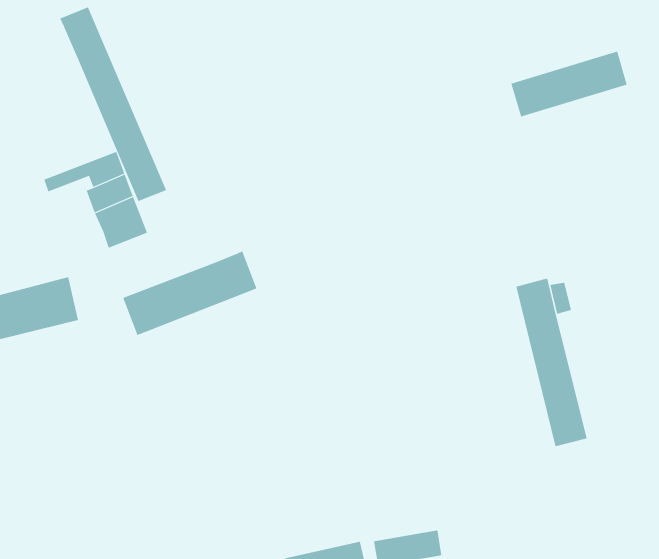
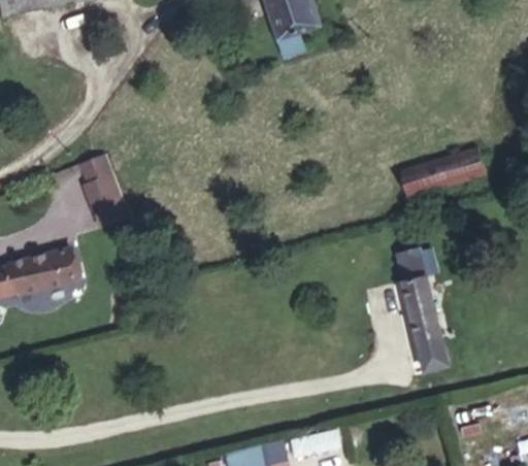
building: [59,7,167,202] -> none
building: [511,51,628,117] -> [400,148,486,197]
building: [123,251,257,336] -> none

